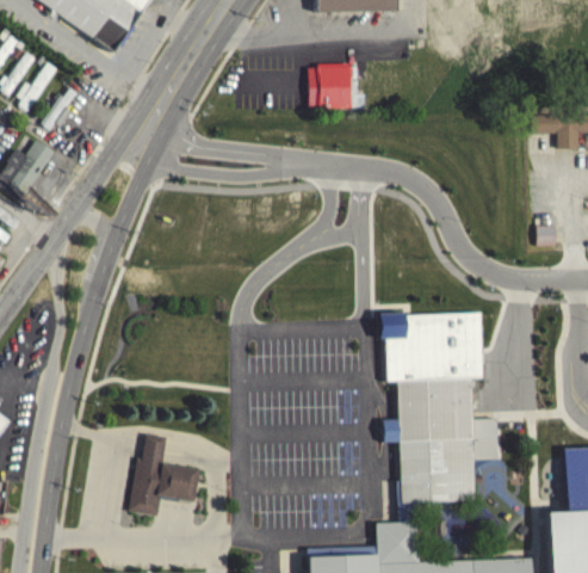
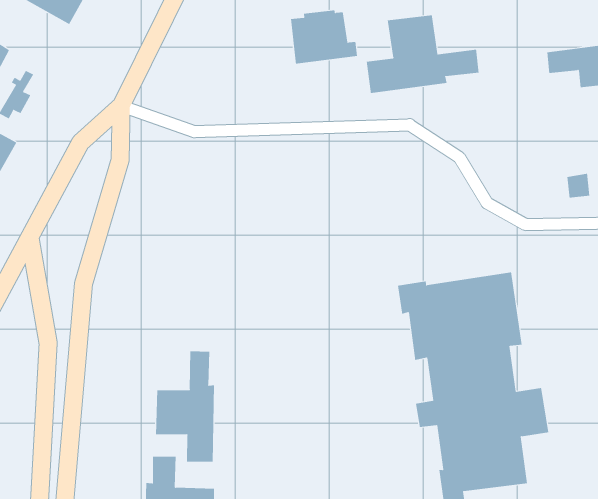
building: none -> [366,15,479,94]
building: none -> [156,351,214,462]

